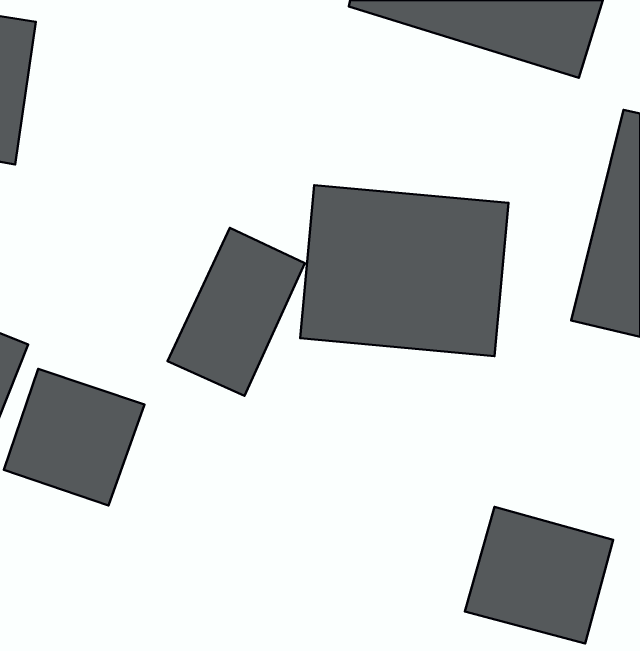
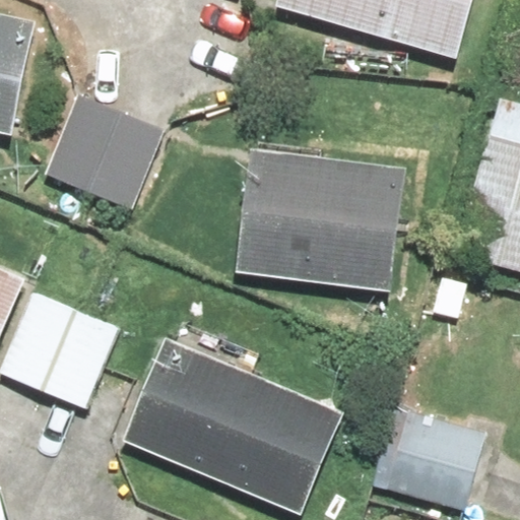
building: none -> [44,95,158,209]
building: [168,228,305,396] -> none
building: none -> [131,346,343,505]

